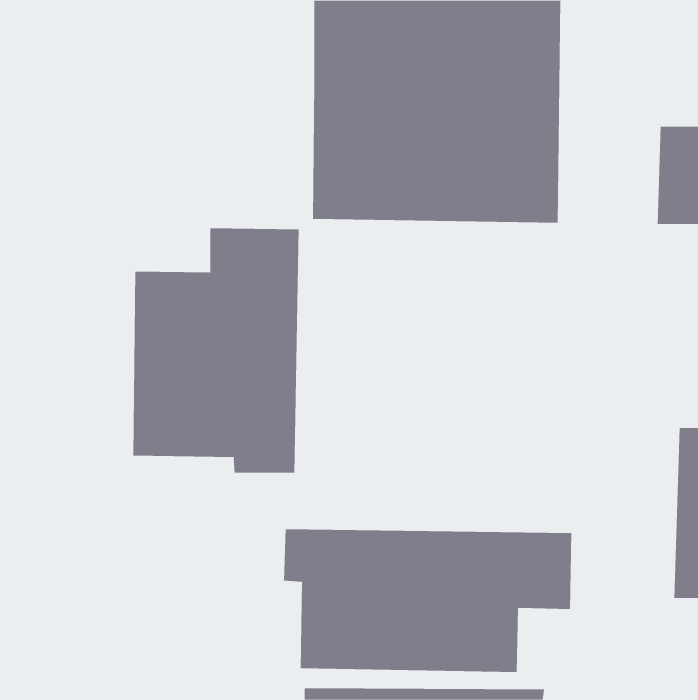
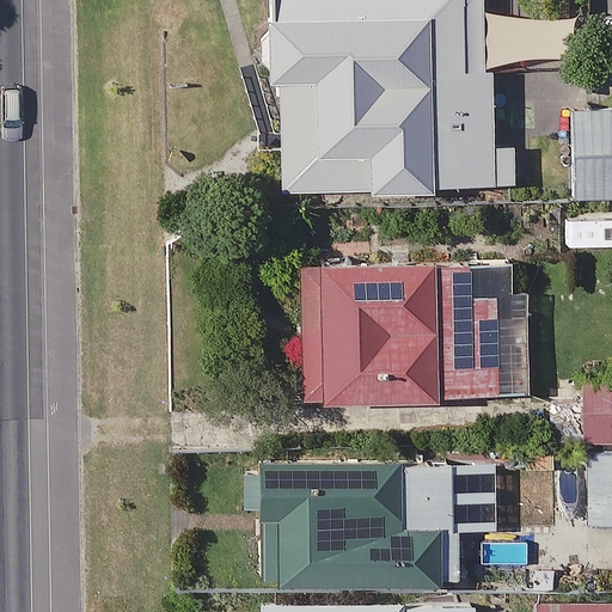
building: [133,228,299,474] -> none
building: none -> [305,268,530,406]

